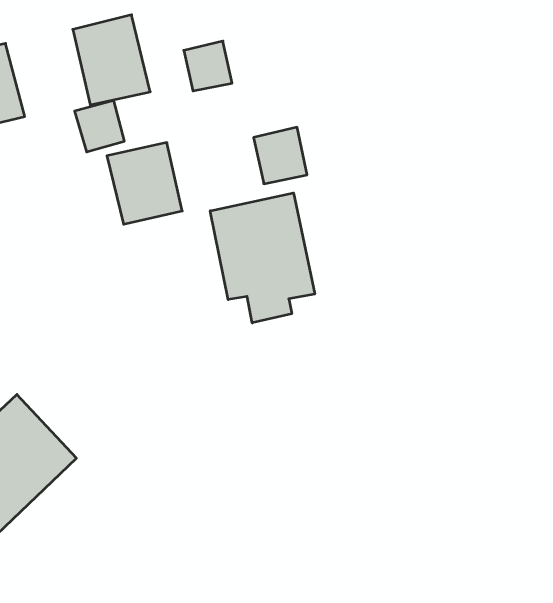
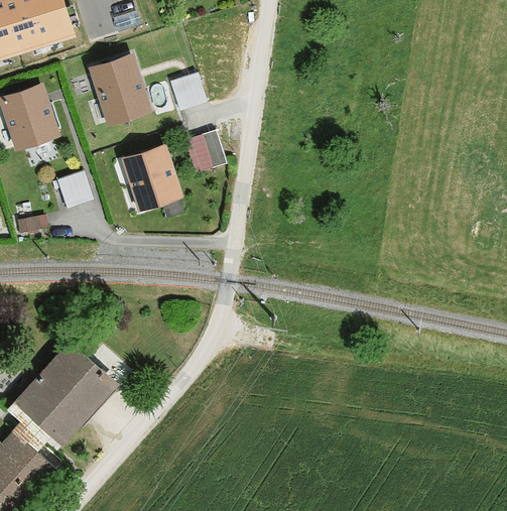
building: [75,100,124,152] -> [57,168,96,208]
building: [254,127,307,184] -> [186,128,228,171]
building: [210,193,315,323] -> none

